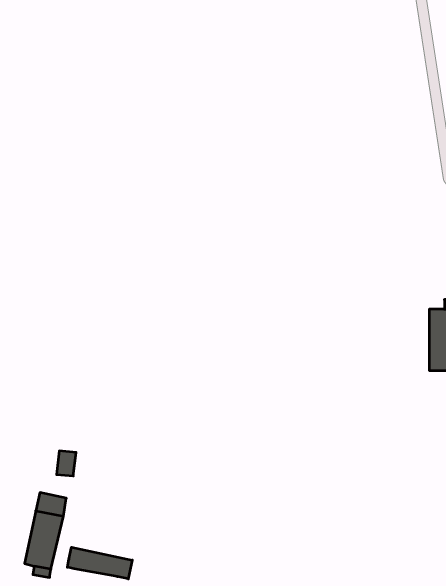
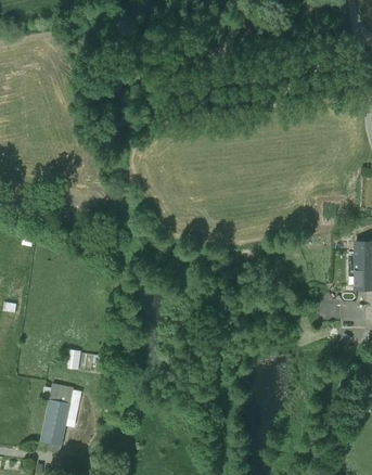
building: [67,547,132,579] -> none

